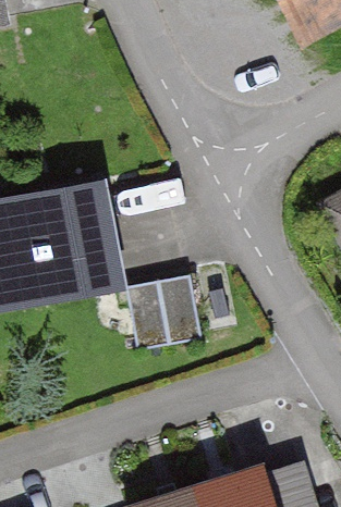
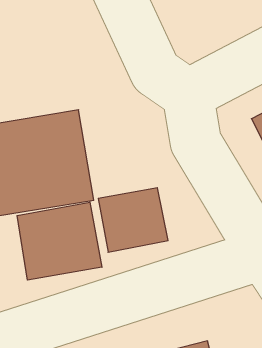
building: none -> [17,202,102,280]

